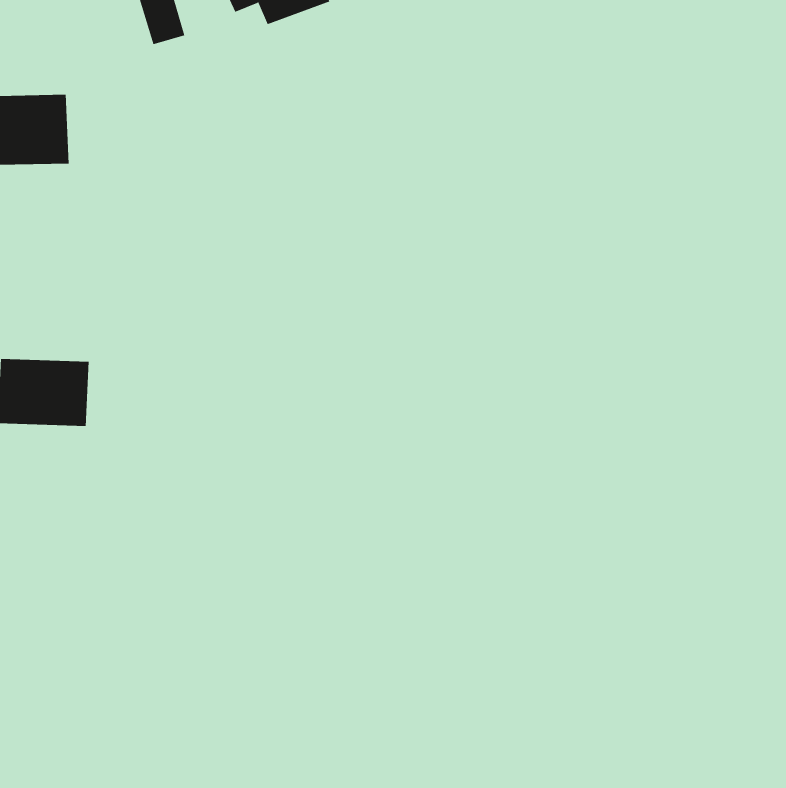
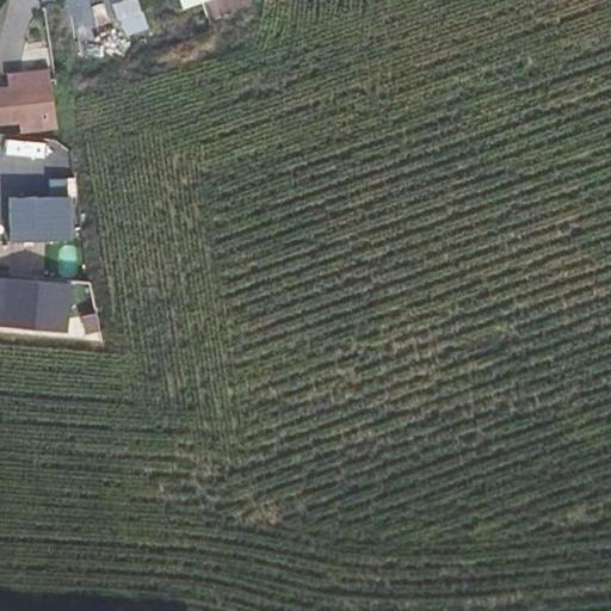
building: none -> [7,195,70,241]

